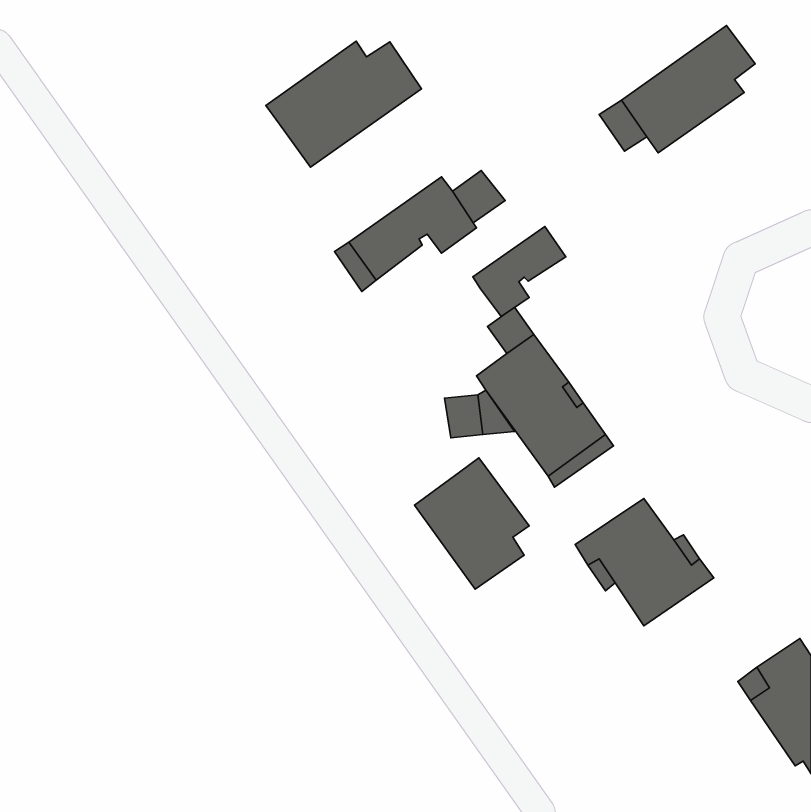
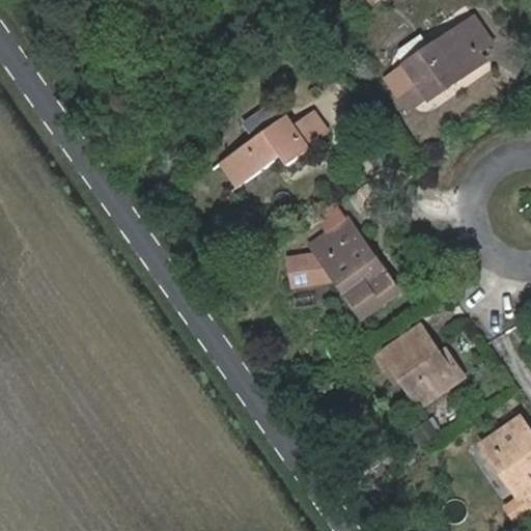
building: [266,41,421,167] -> none
building: [473,226,566,316] -> none
building: [414,458,529,589] -> none

